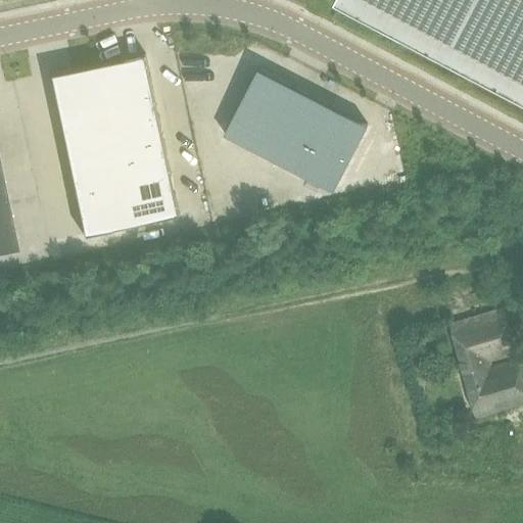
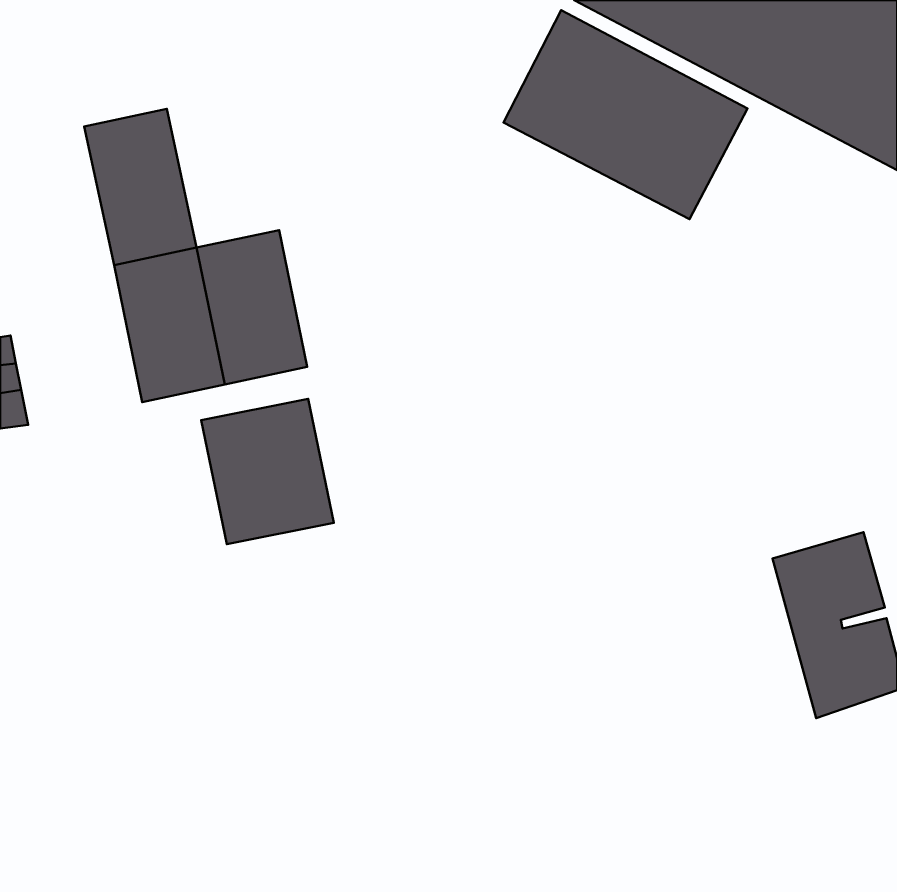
building: [97,56,162,147] -> none
building: [225,70,367,192] -> [503,10,747,219]
building: none -> [201,399,334,544]

